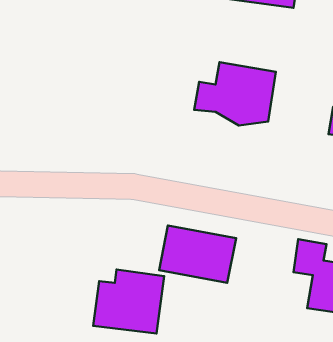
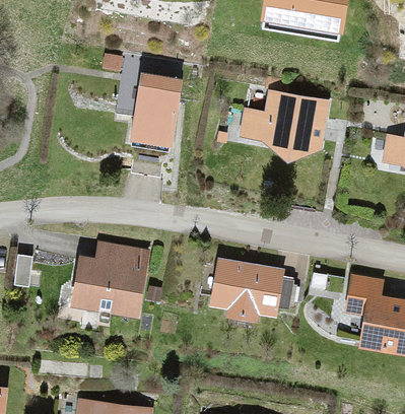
building: none -> [130,74,177,144]
building: [93,269,164,334] -> [72,245,146,312]

